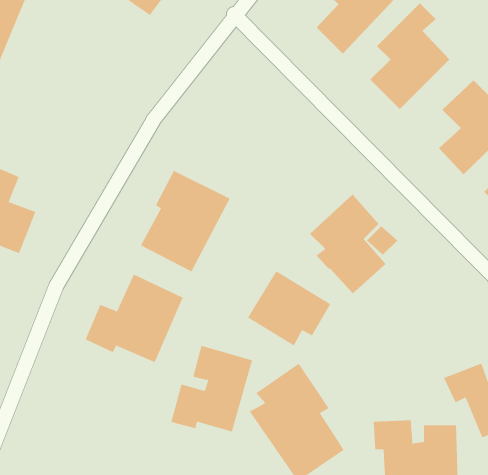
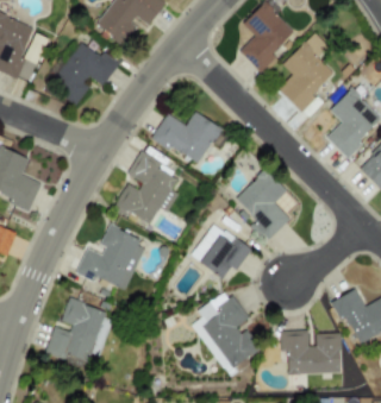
building: none -> [49,40,120,105]
building: none -> [154,111,221,164]
building: [171,345,253,432] -> [46,298,105,360]

